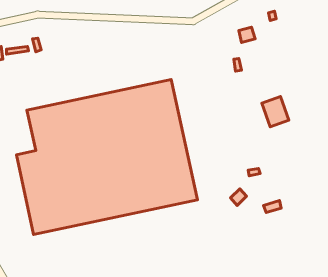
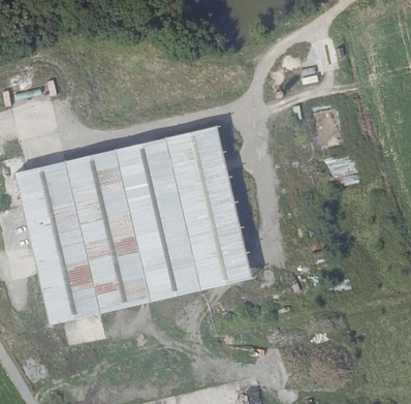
building: none -> [17,167,52,222]

